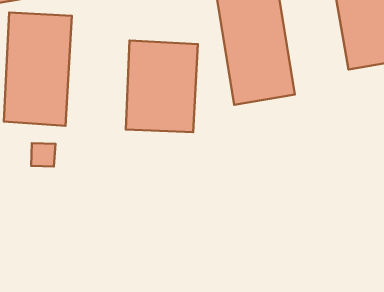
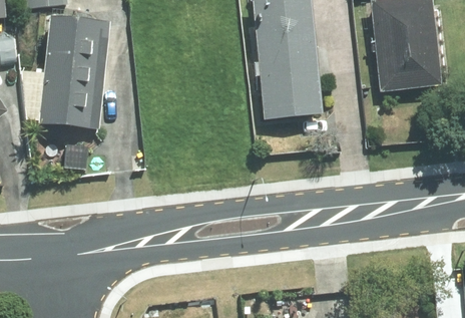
building: [126,41,198,132] -> none

